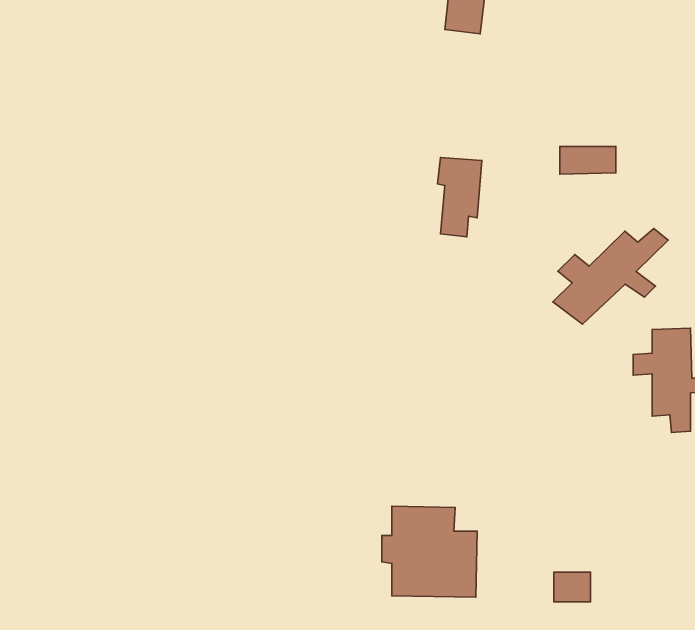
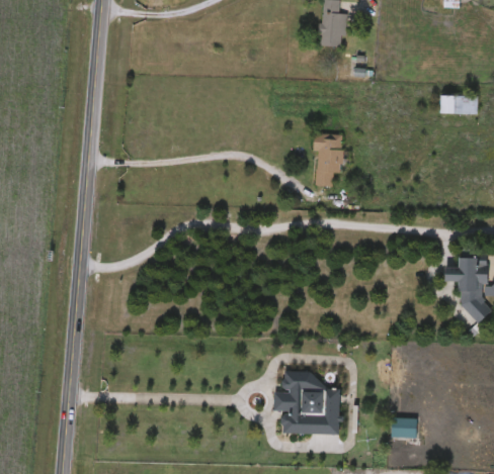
building: [560,146,616,174] -> [439,96,478,115]
building: [553,229,668,324] -> none

